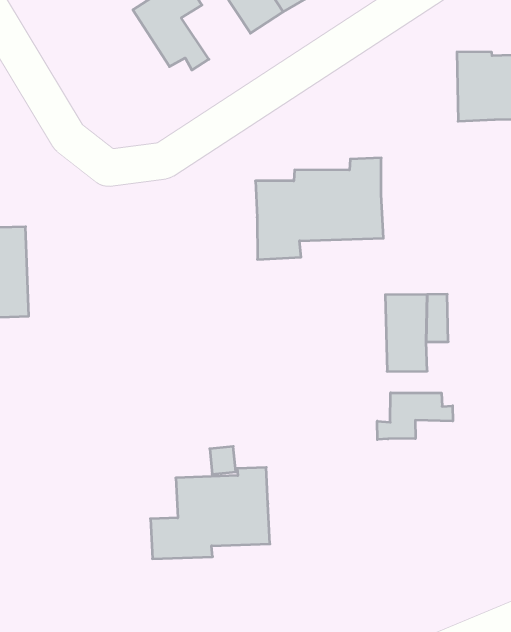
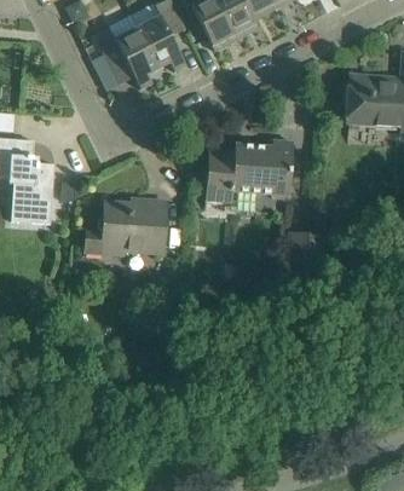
building: none -> [98,25,160,87]
building: [377,393,453,440] -> none
building: [150,467,270,559] -> [85,198,166,255]

